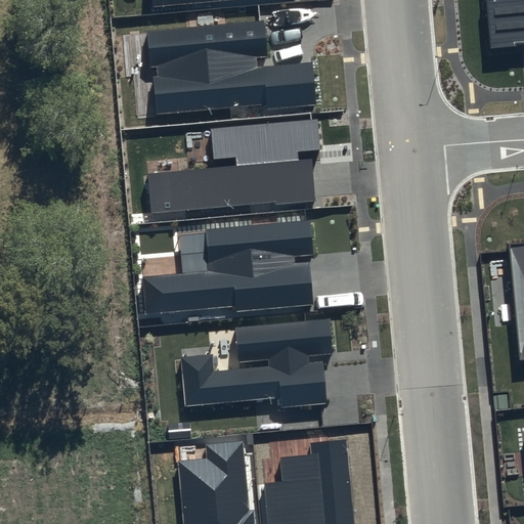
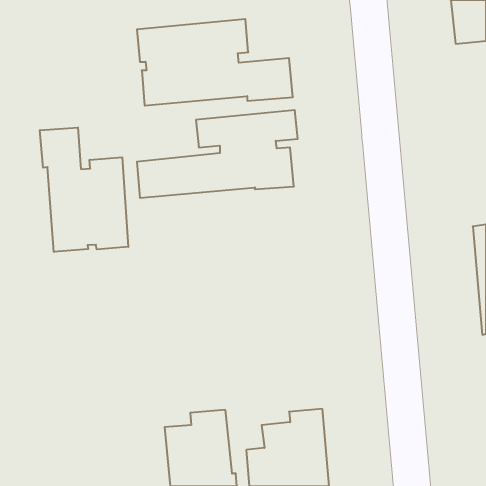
building: none -> [40,127,128,252]
building: [142,219,314,314] -> none
building: [181,319,333,408] -> none

